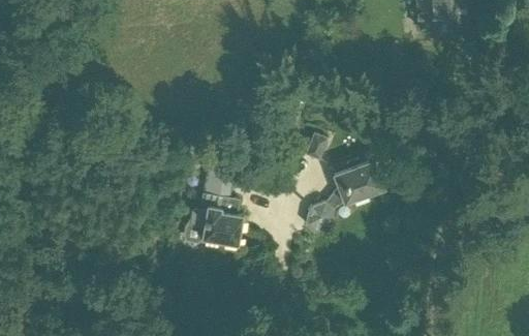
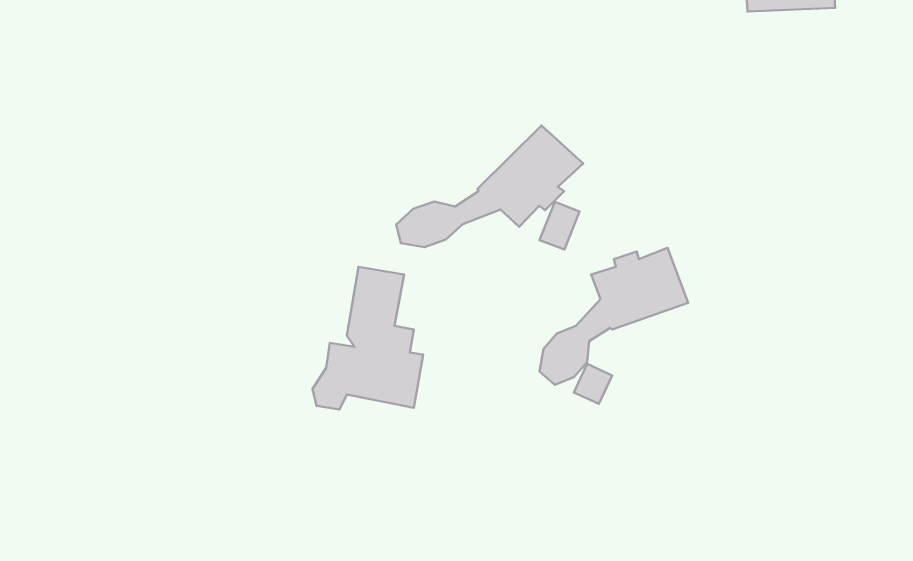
building: none -> [396,125,583,247]

